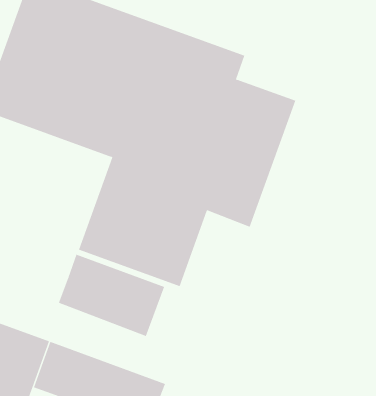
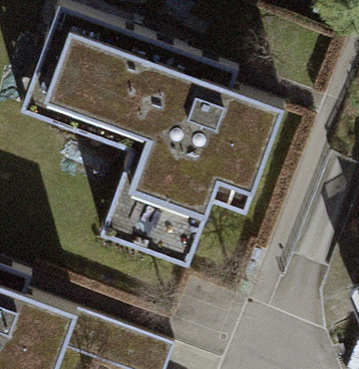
building: [58,254,165,337] -> none

